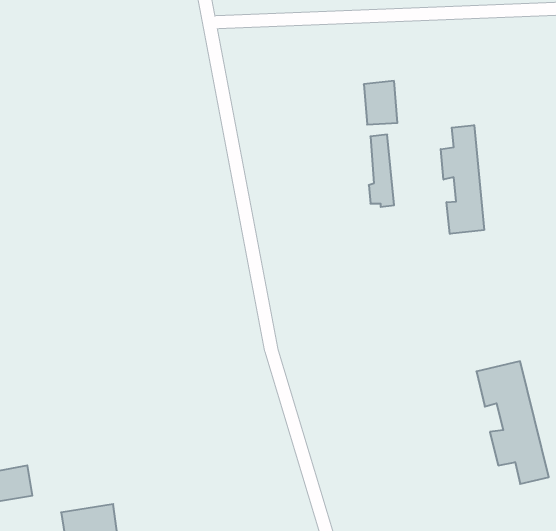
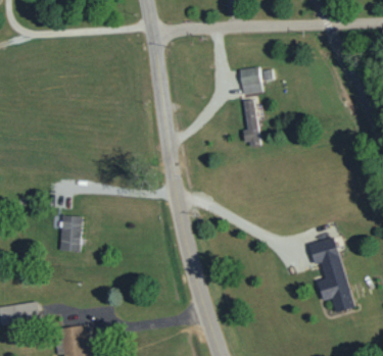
building: [441,125,484,234] -> none
building: none -> [60,216,82,252]

